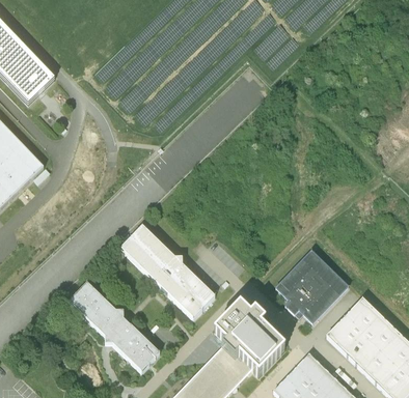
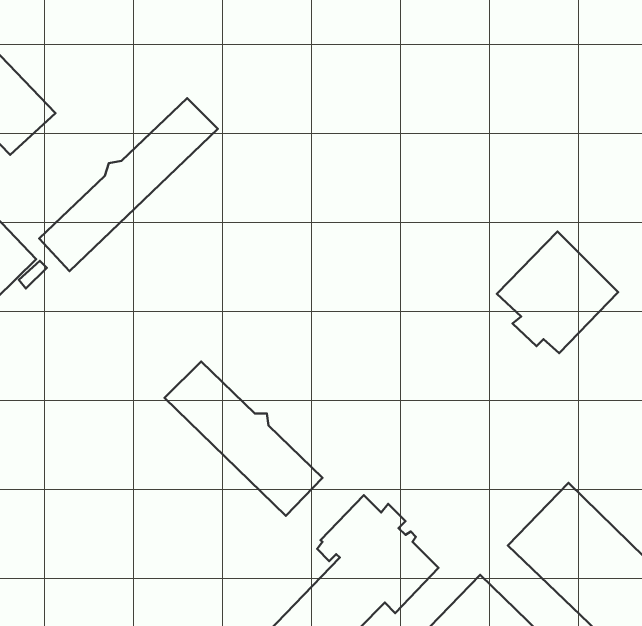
building: none -> [39,98,218,271]
building: [275,250,348,322] -> [497,232,618,353]
building: [69,283,160,372] -> none

